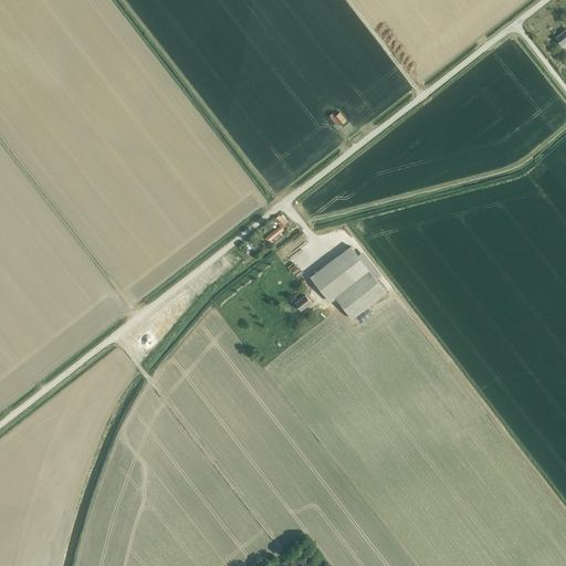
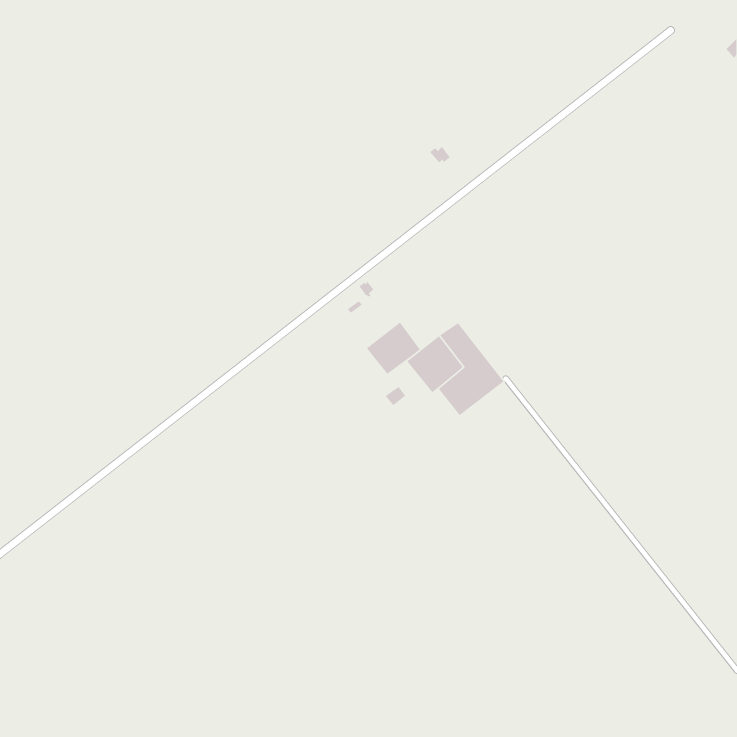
building: none -> [366,321,421,375]

